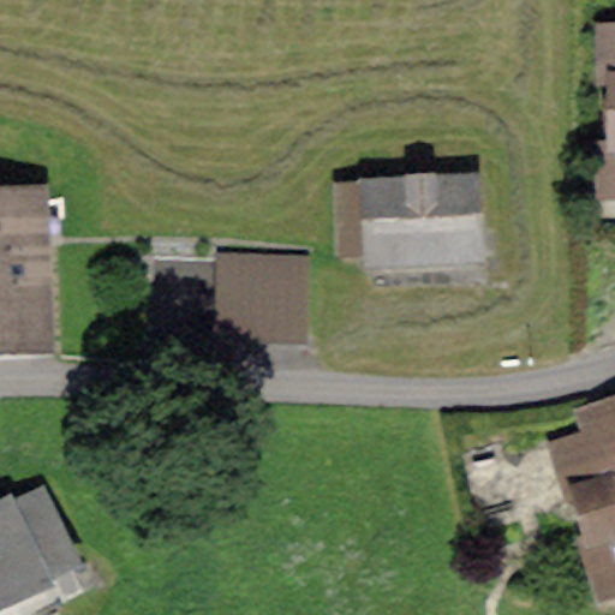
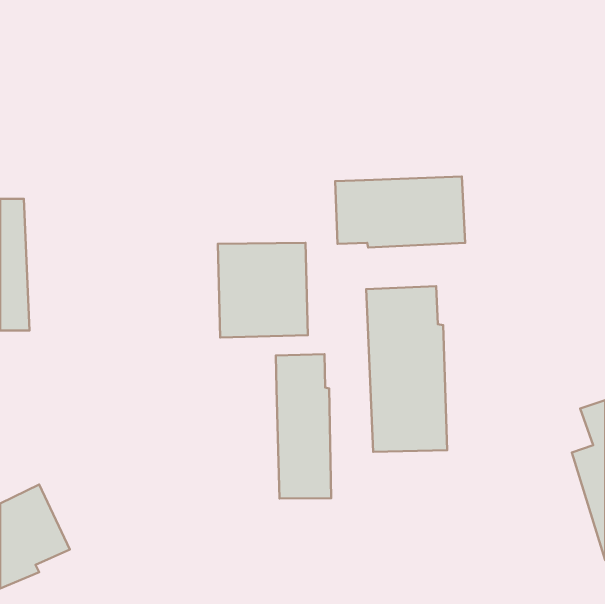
building: none -> [366,286,447,452]
building: none -> [276,354,331,498]

